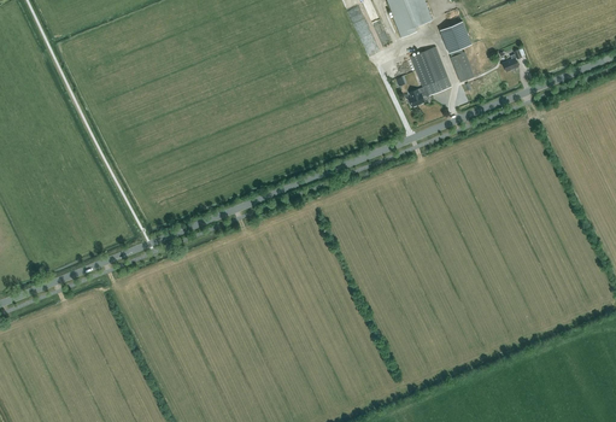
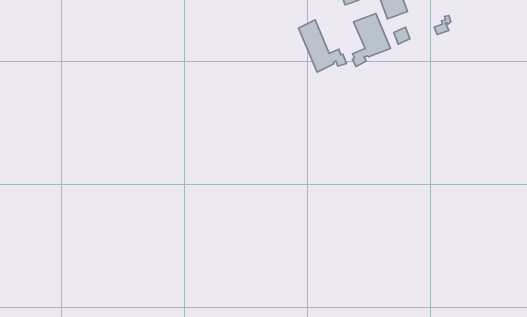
building: none -> [299,20,347,72]

